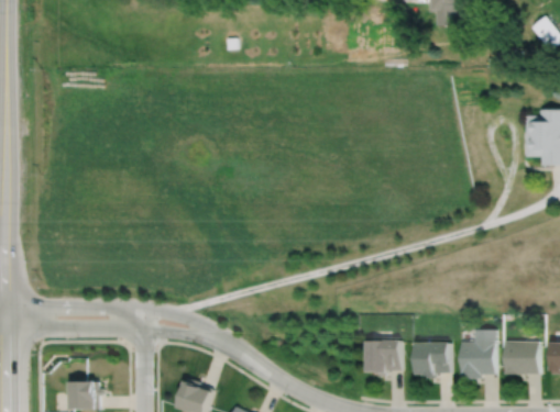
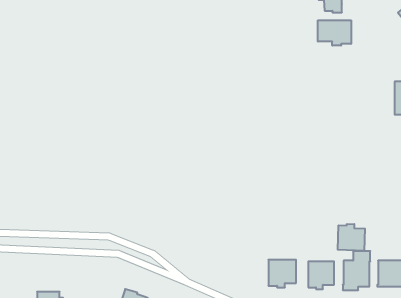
building: none -> [318,20,351,46]
building: none -> [338,224,365,251]

